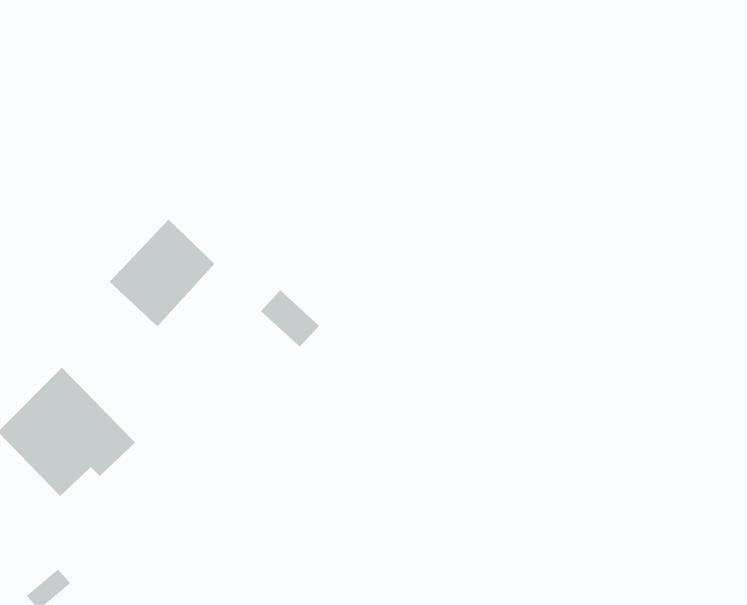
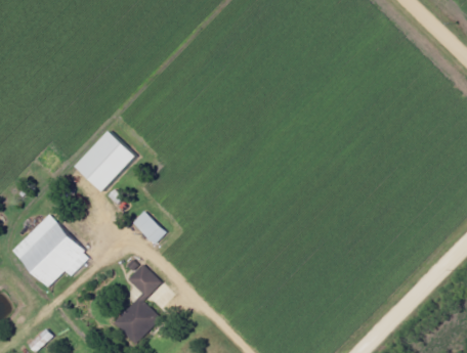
building: [260,290,320,347] -> [132,211,166,244]
building: none -> [114,264,161,344]

